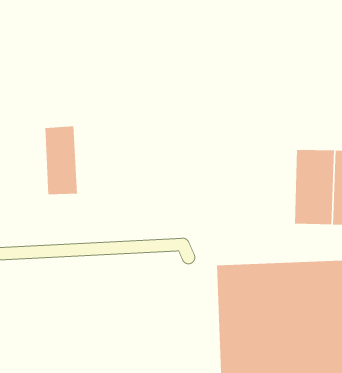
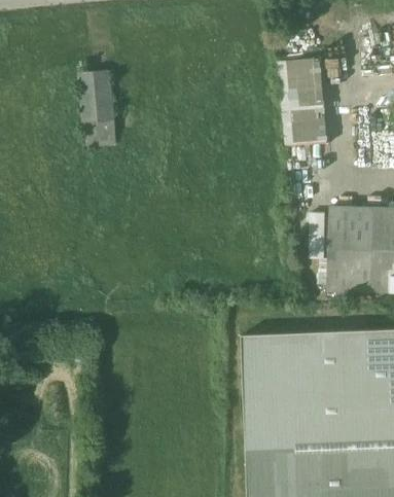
building: none -> [280,59,327,146]
building: [45,125,78,195] -> [78,68,115,145]

